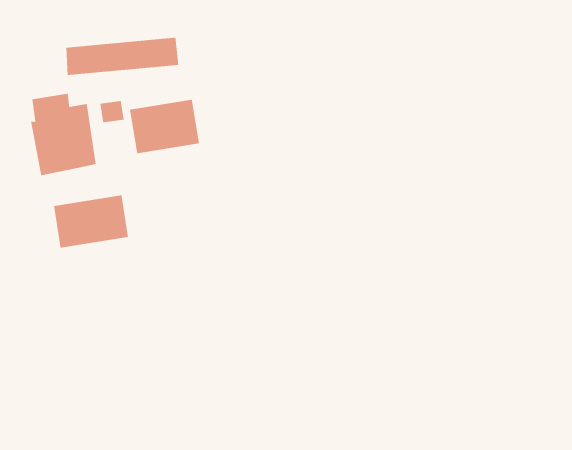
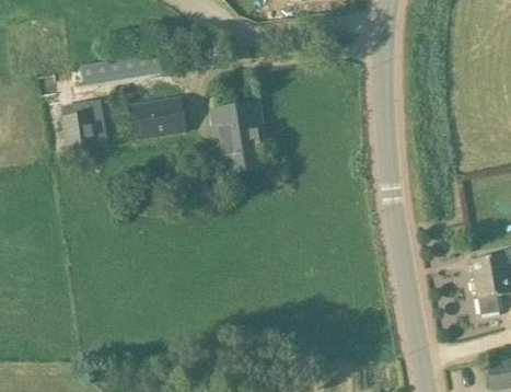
building: none -> [212,102,265,174]
building: [53,194,129,248] -> none

